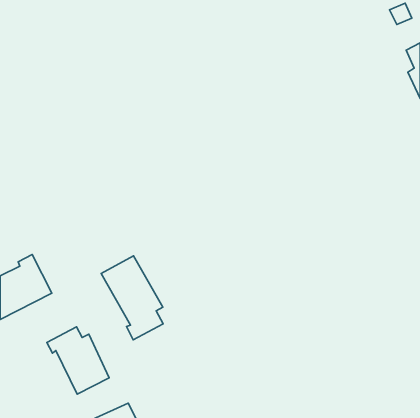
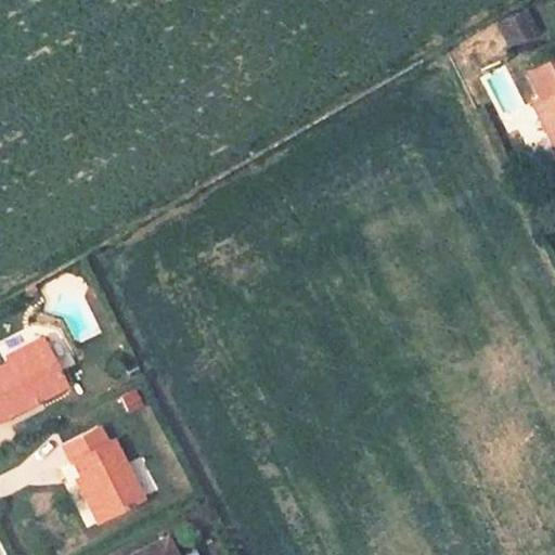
building: [101,256,163,340] -> none

